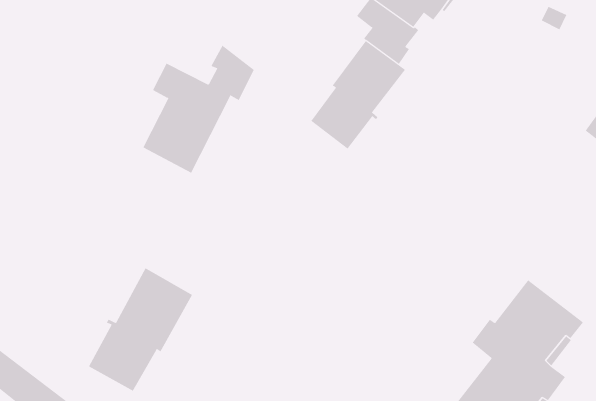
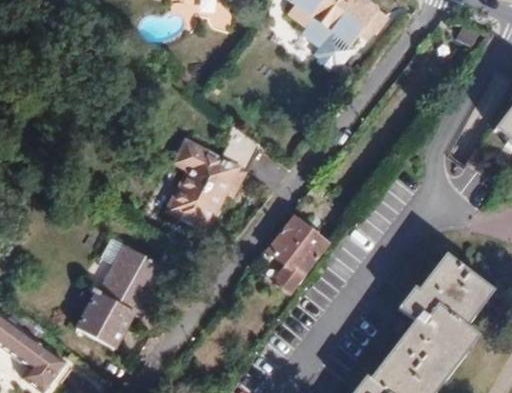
building: [310,40,406,149] -> none
building: [142,45,255,174] -> [165,123,259,231]
building: none -> [265,215,329,293]

